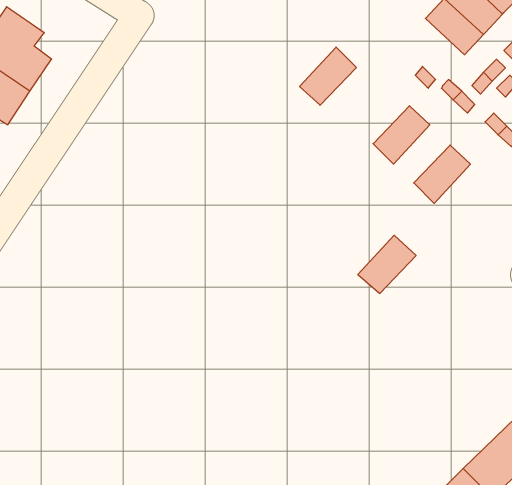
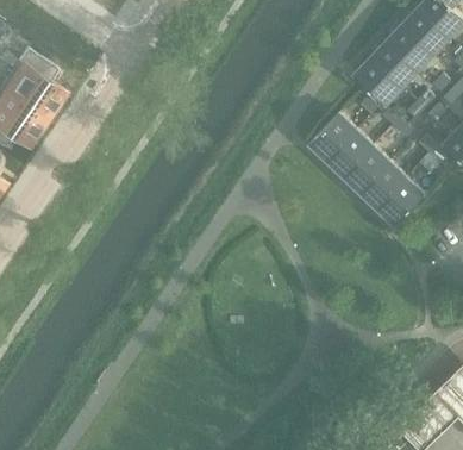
building: none -> [352,57,400,104]
building: [300,47,356,105] -> [308,112,355,160]
building: none -> [342,144,388,192]
building: [358,235,416,294] -> [375,176,423,224]

